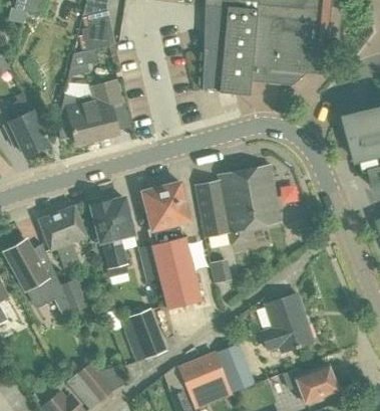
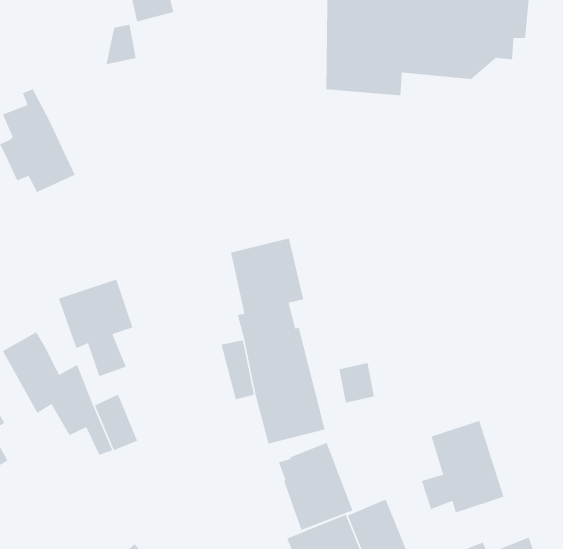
building: [59,81,131,145] -> none
building: [197,165,280,245] -> none
building: [90,197,133,278] -> none
building: [122,307,168,362] -> [278,442,353,531]

